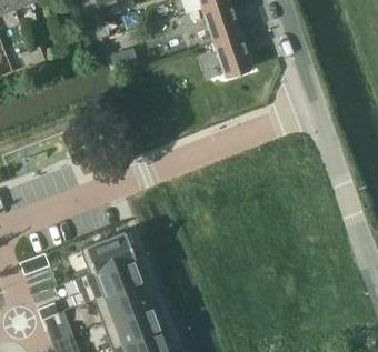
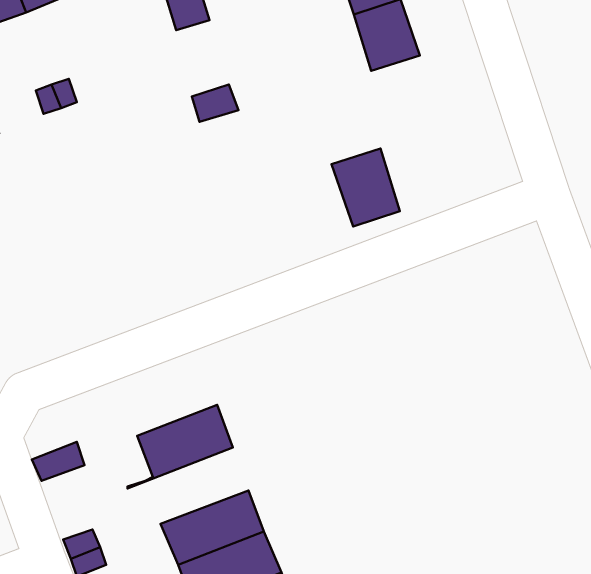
building: [213,32,252,77] -> [332,149,400,227]
building: [72,255,143,305] -> none

